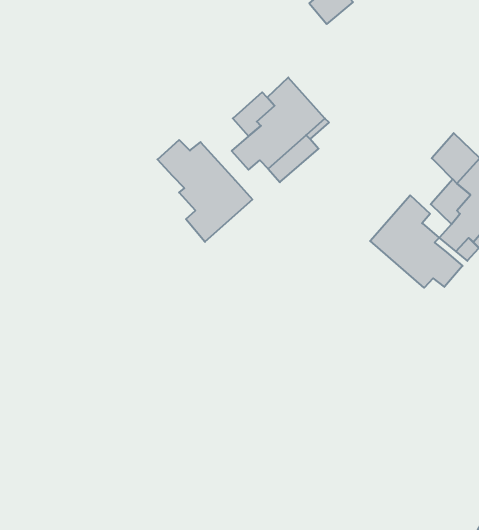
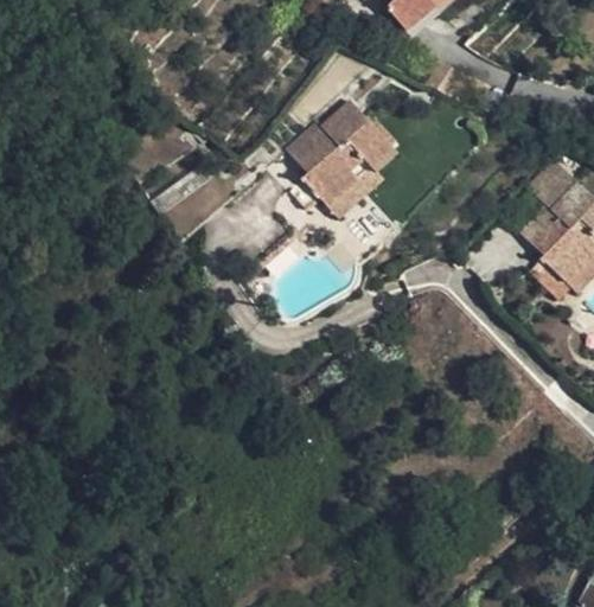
building: [157,140,252,242] -> none
building: [370,195,463,288] -> none

